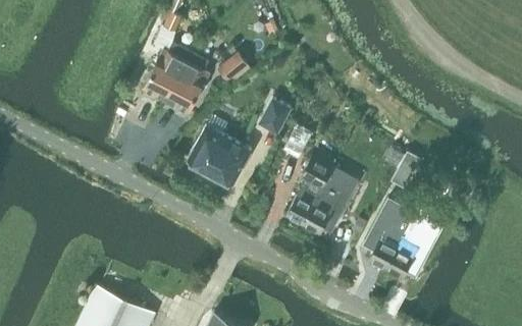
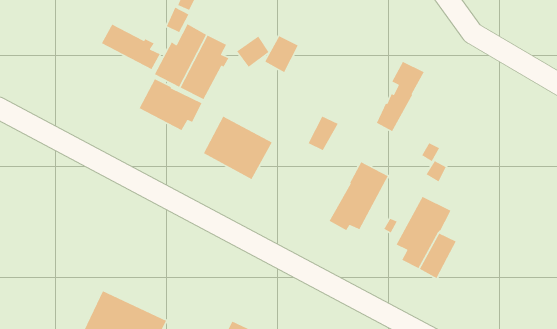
building: none -> [101,24,161,70]
building: none -> [138,78,203,131]
building: [259,100,291,134] -> [264,35,299,73]
building: [286,158,331,223] -> [376,61,425,132]

